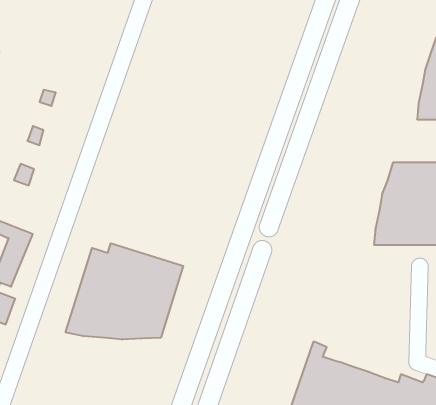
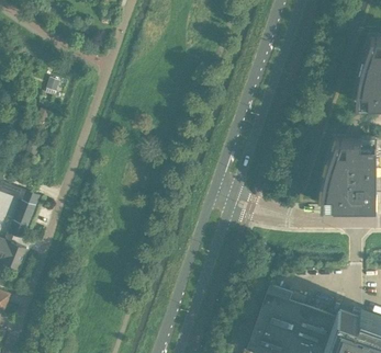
building: [66,243,183,340] -> none

